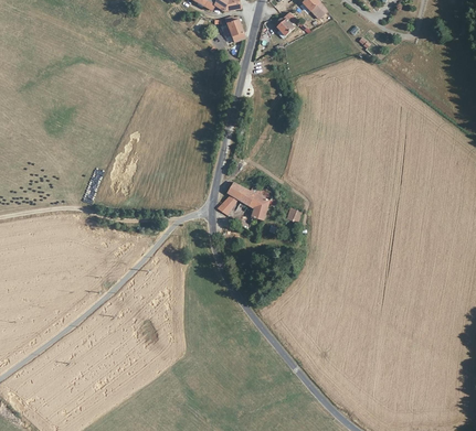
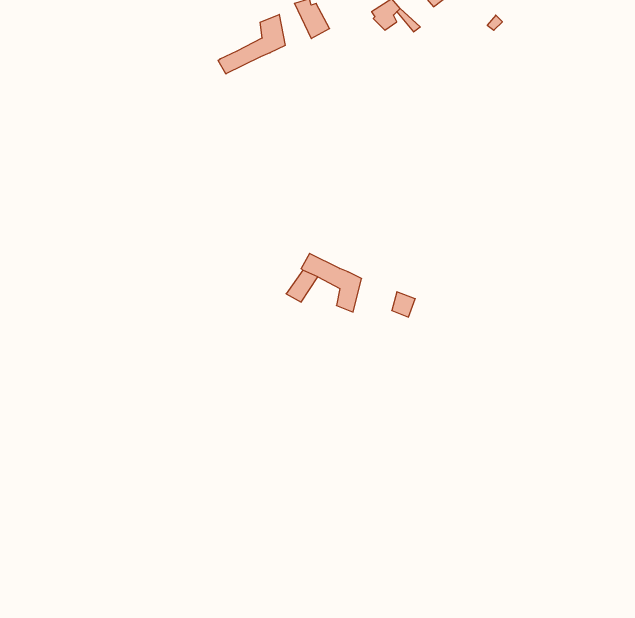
building: none -> [218,14,285,74]

